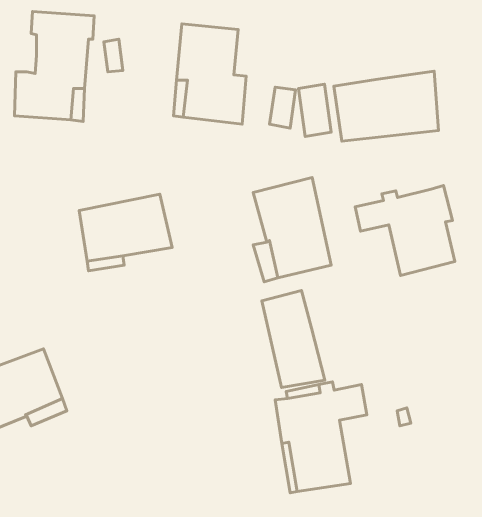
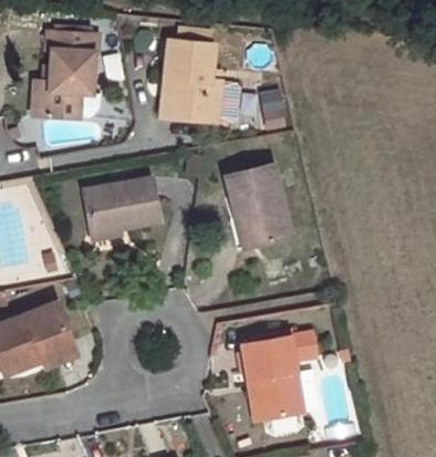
building: [334,71,438,141] -> none
building: [355,185,455,276] -> none
building: [262,291,325,388] -> none

